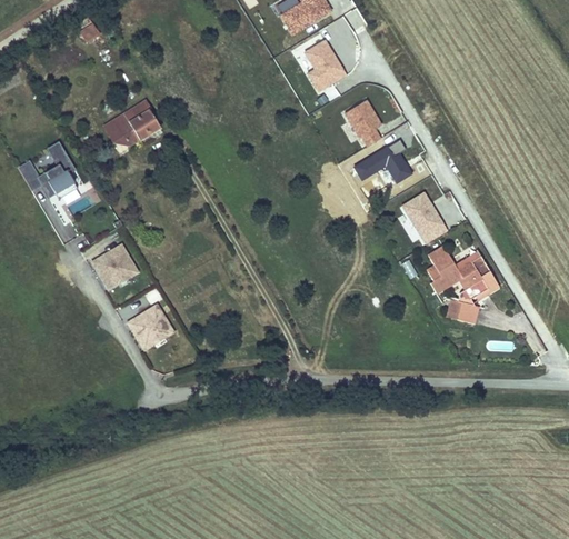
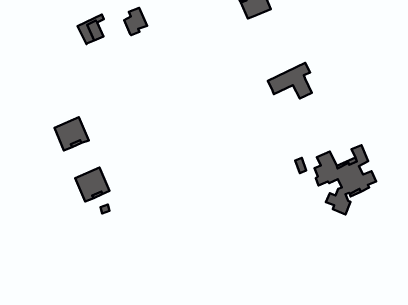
building: [343,99,381,146] -> none
building: [129,103,159,139] -> [124,8,147,35]
building: [18,140,78,198] -> none
building: [402,192,446,241] -> none

